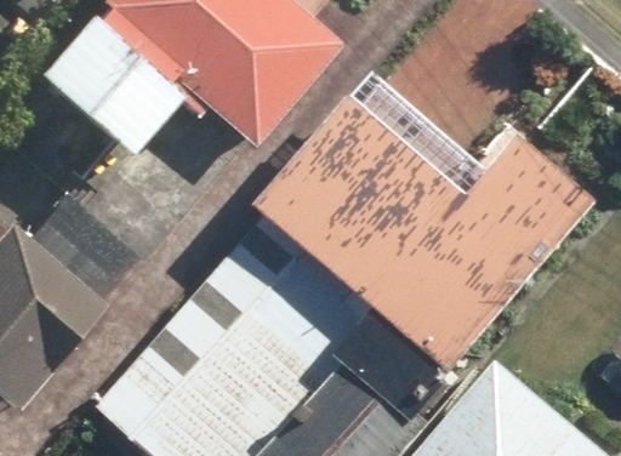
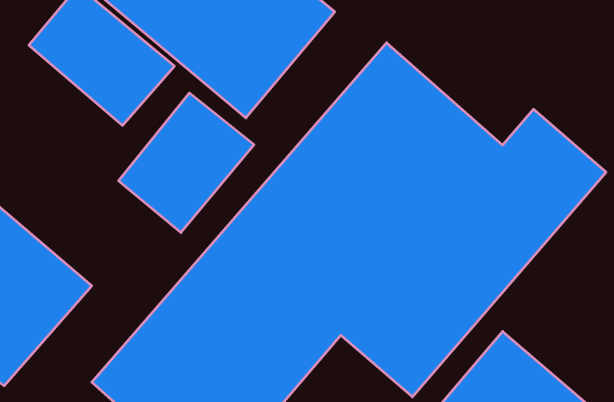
building: none -> [119,93,254,233]

